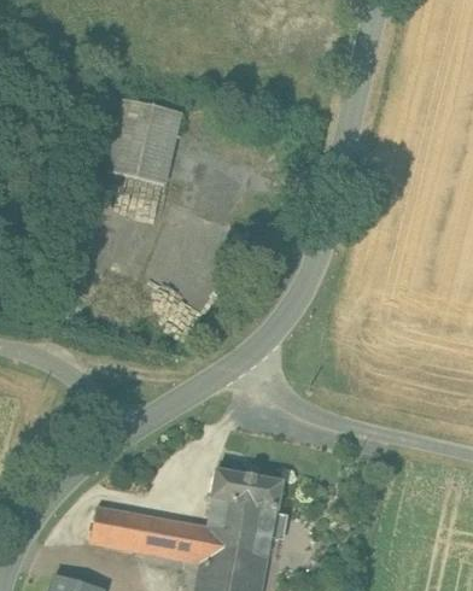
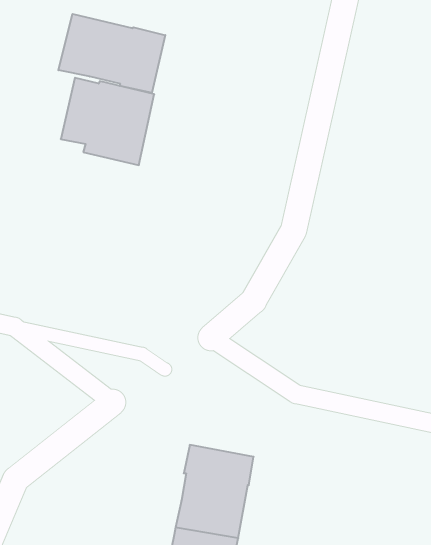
building: none -> [58,14,165,93]
building: [93,507,210,562] -> none

